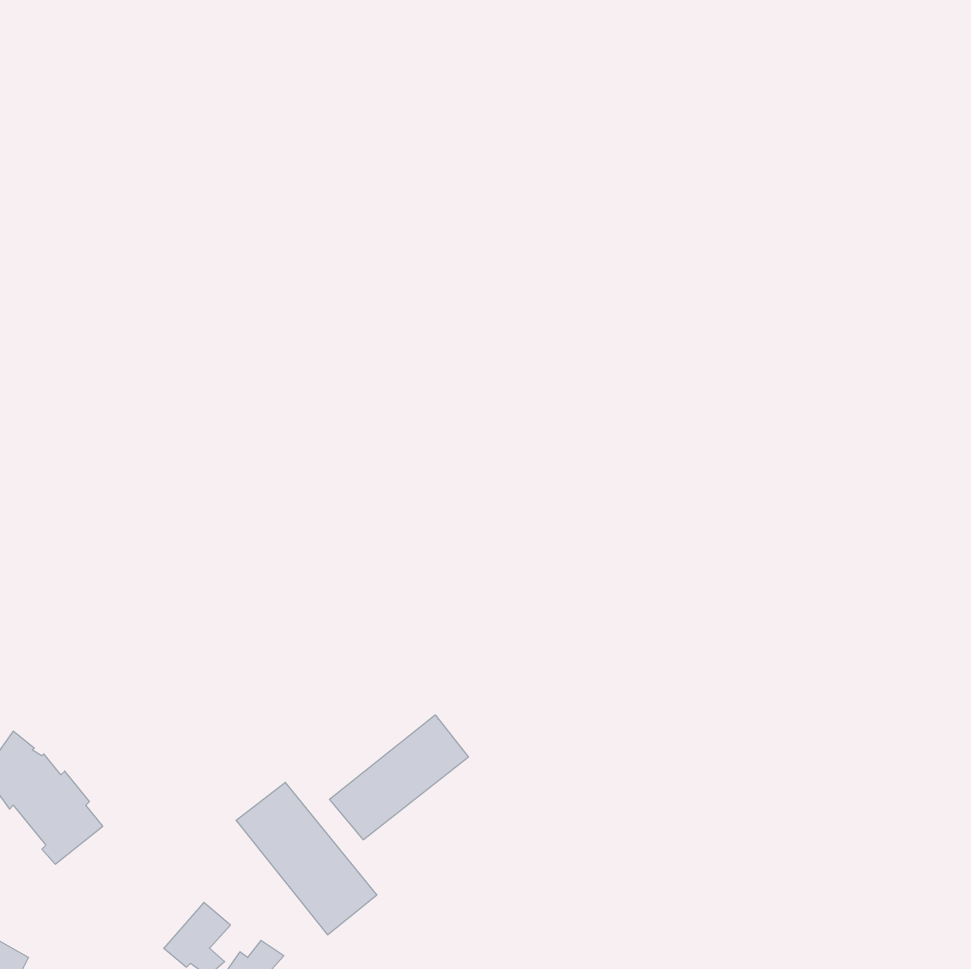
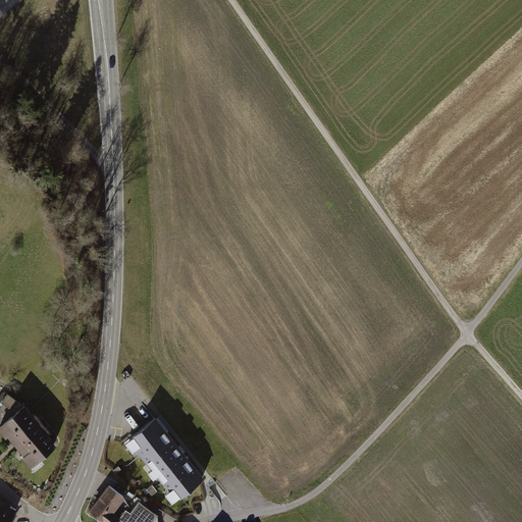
building: [330,715,468,840] -> none

